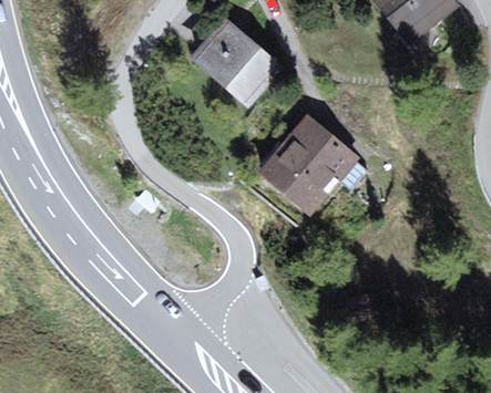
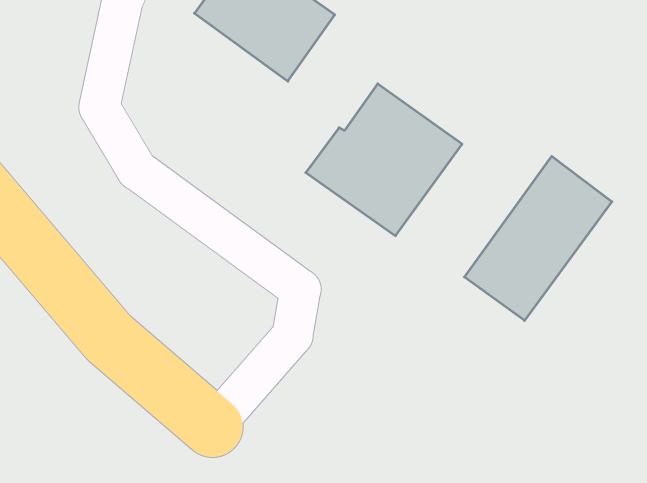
building: none -> [464,156,612,321]

